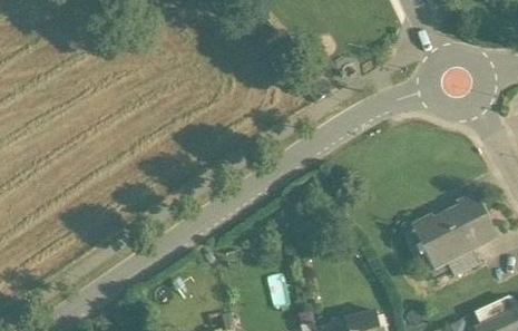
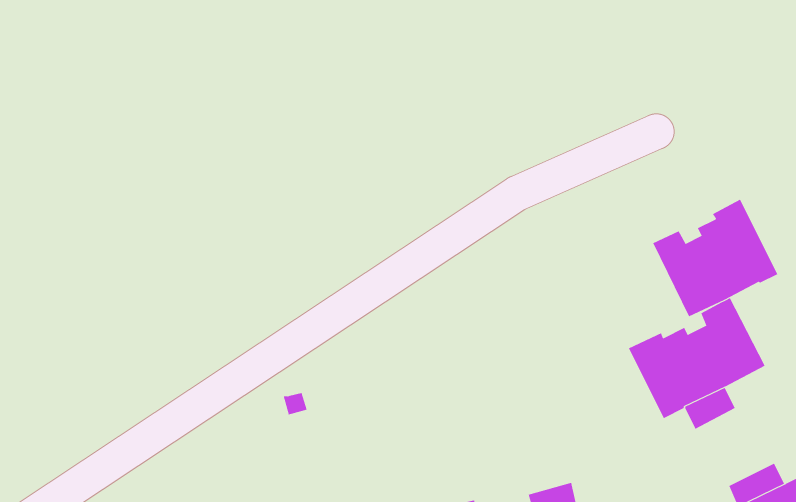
building: none -> [652,199,778,317]

